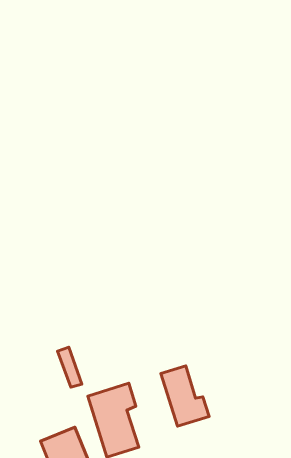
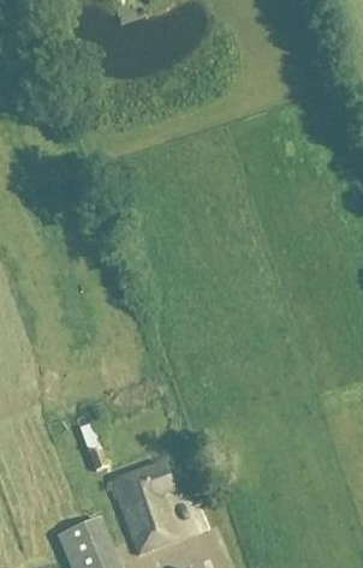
building: [161,366,209,426] -> none

